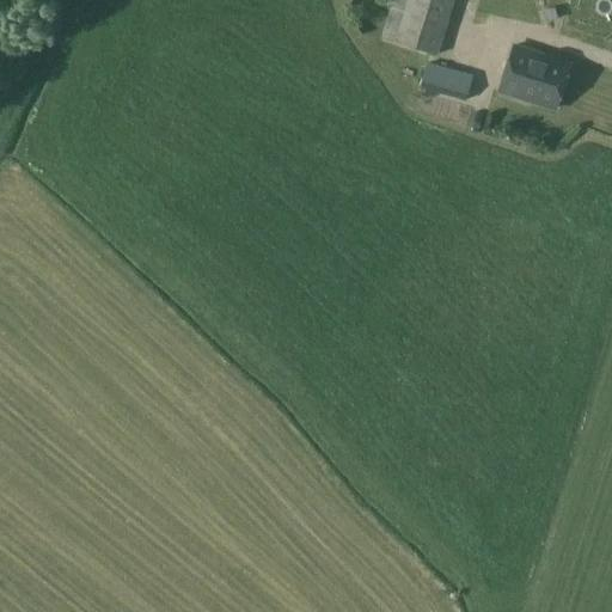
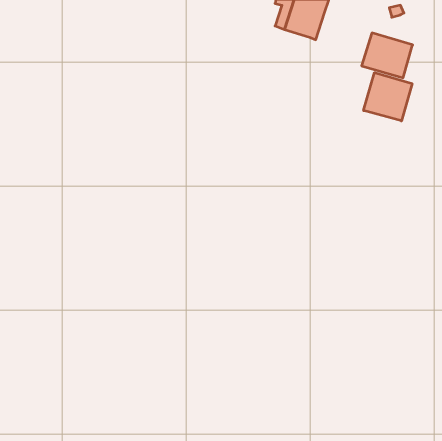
building: [418,62,473,100] -> none
building: none -> [364,73,412,121]

